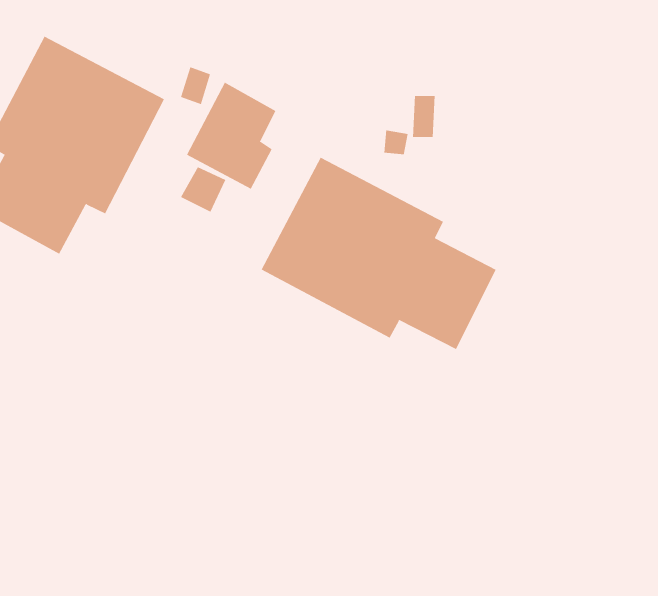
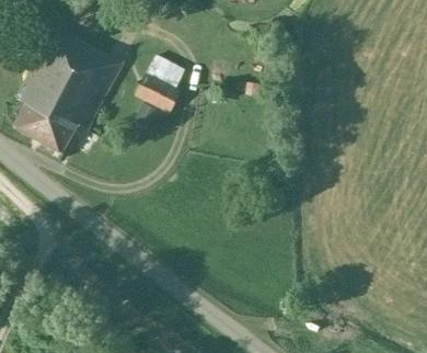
building: [261,157,497,350] -> none

